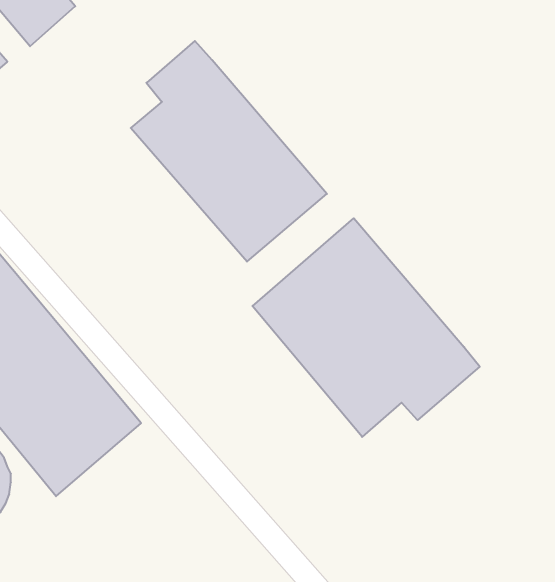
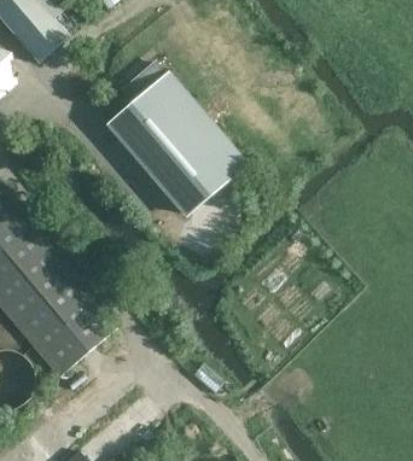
building: [252,218,480,437] -> none

